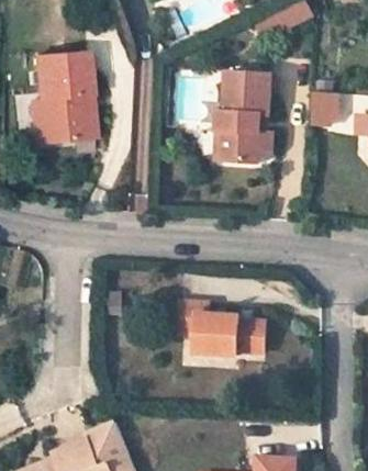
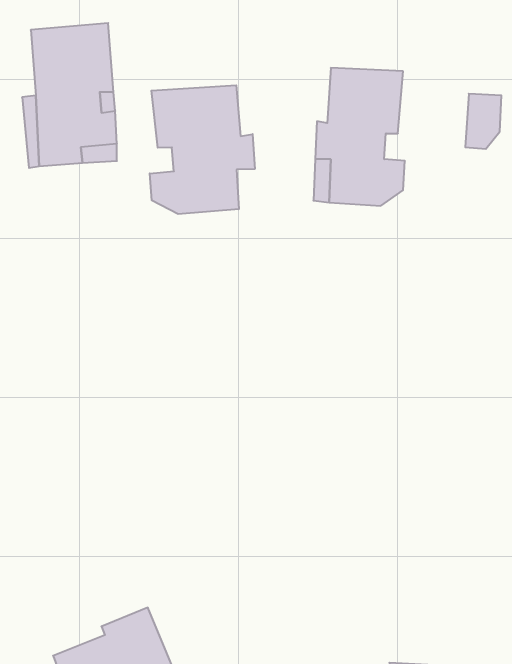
building: none -> [150,85,255,214]
building: [177,303,263,360] -> none

